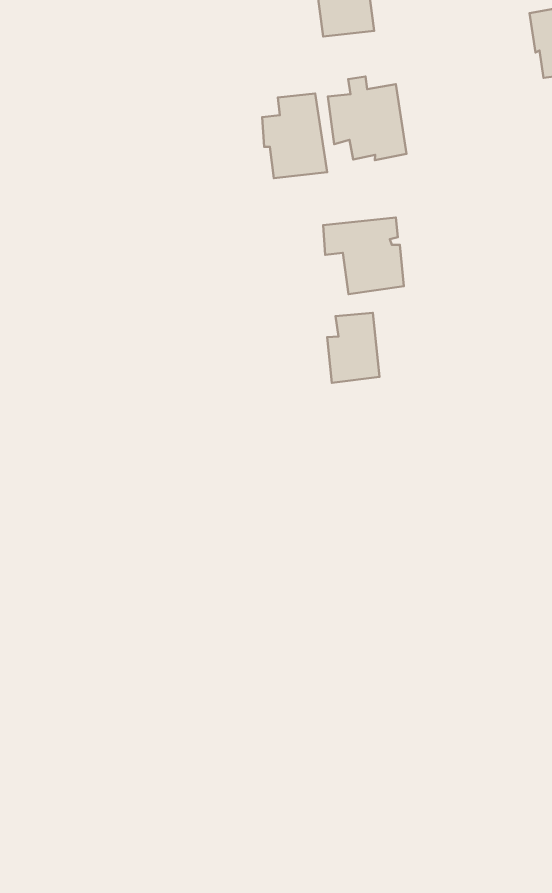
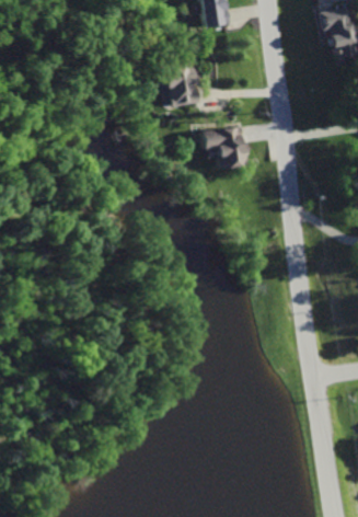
building: [328,77,406,160] -> none
building: [327,313,380,383] -> none

